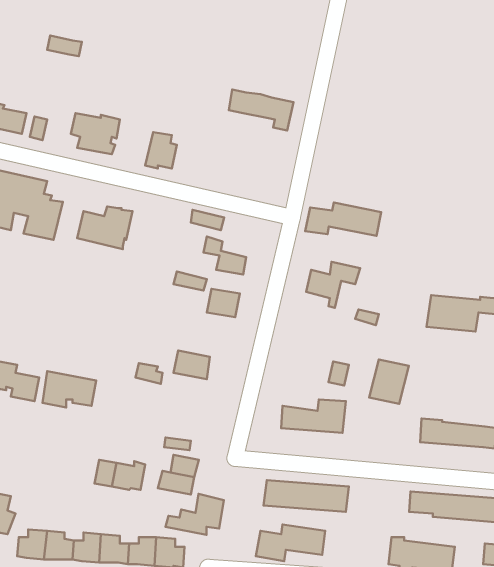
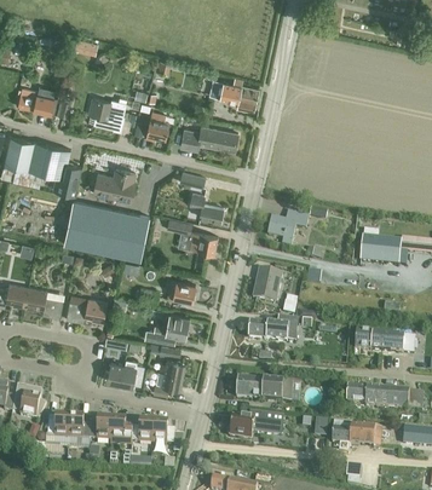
building: [305,203,381,236] -> [179,125,237,150]
building: none -> [63,198,148,259]
building: [369,360,409,404] -> [252,267,282,301]
building: [165,494,224,535] -> [143,312,188,344]

